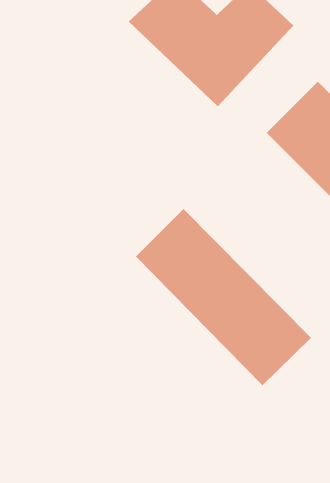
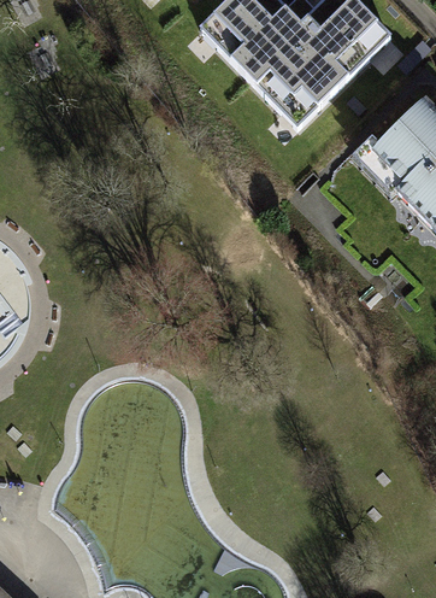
building: [135,208,312,386] -> none

